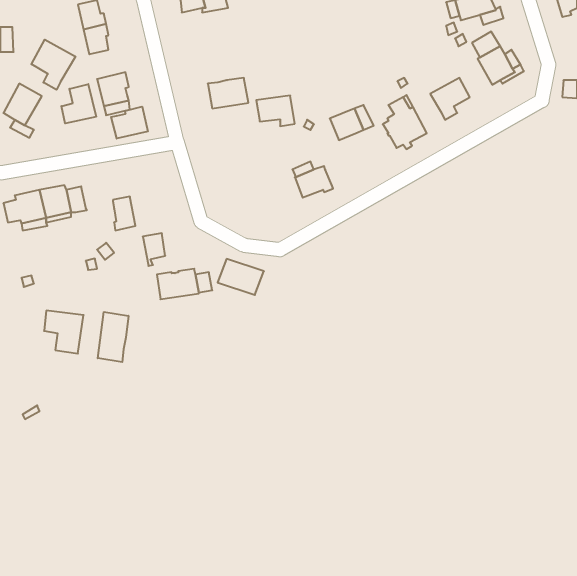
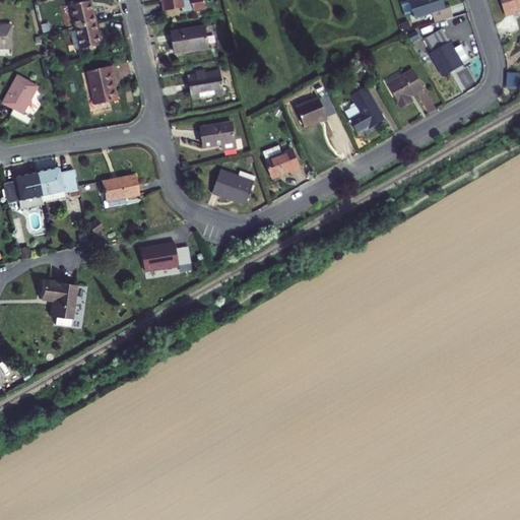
building: none -> [171,25,208,53]
building: [31,40,75,90] -> none
building: [61,84,96,123] -> none
building: [256,96,295,126] -> [201,123,236,150]
building: [111,107,148,139] -> none
building: [143,233,165,266] -> [117,174,137,203]
building: [218,259,264,295] -> [212,171,254,203]
building: [98,312,128,362] -> none

